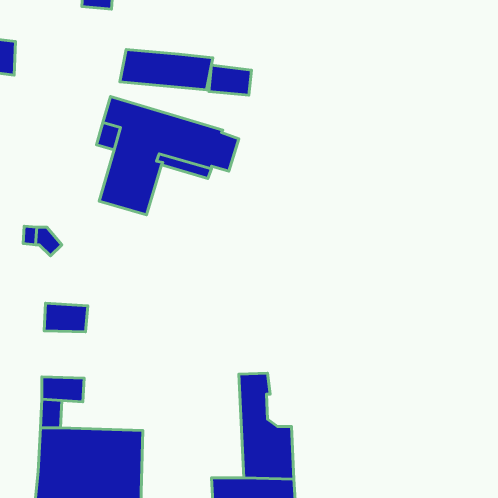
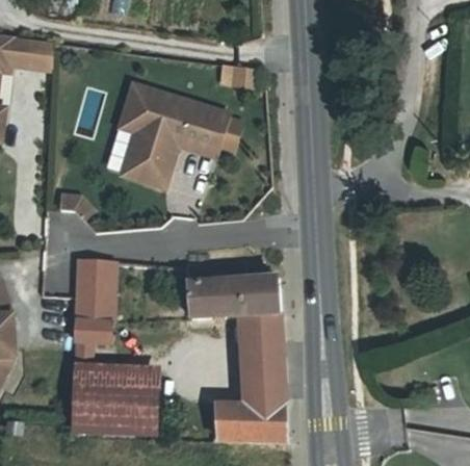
building: [120,50,213,90] -> none
building: none -> [180,263,284,363]
building: none -> [76,283,112,322]

